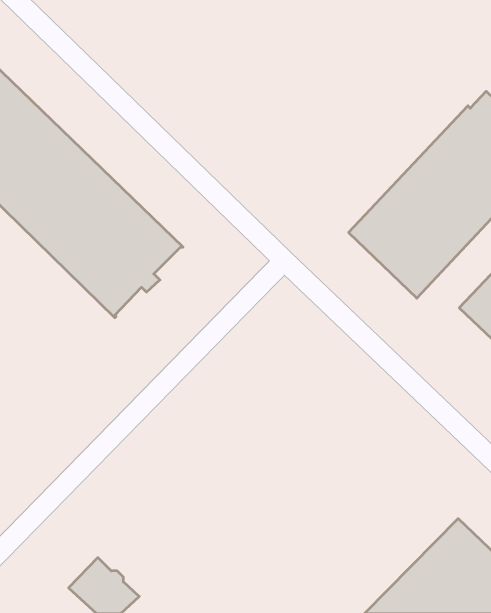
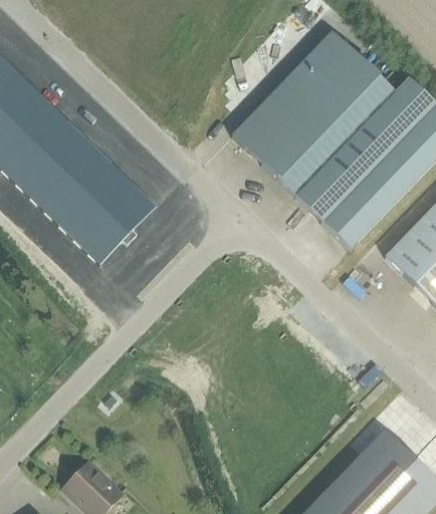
building: none -> [231,30,392,195]

